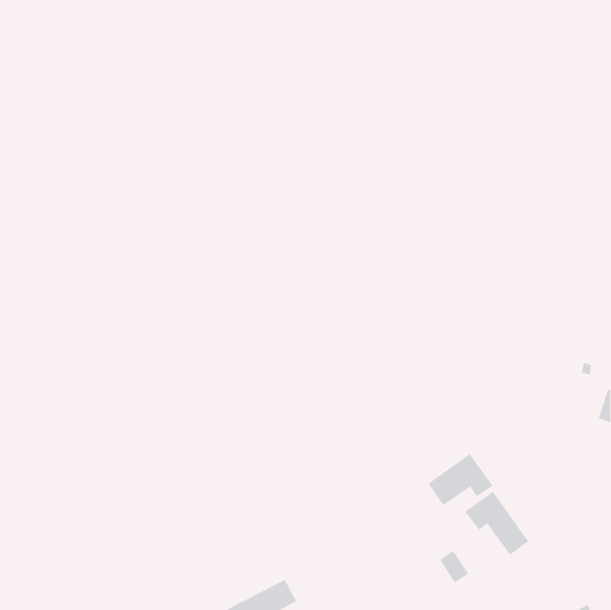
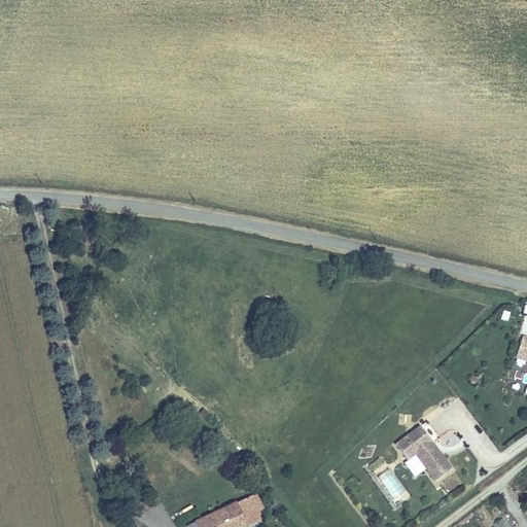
building: [427,453,494,506] -> none

